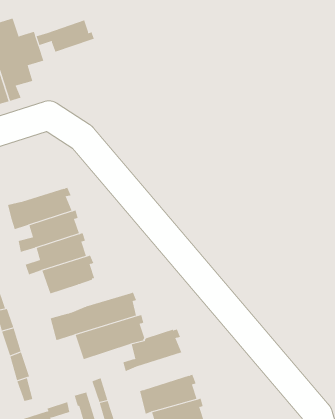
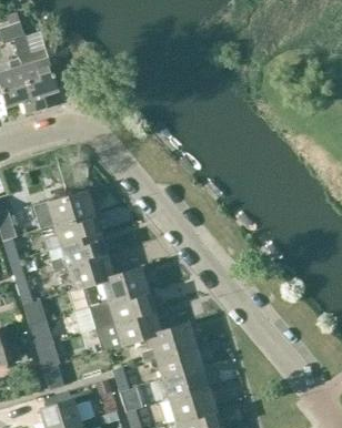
building: [36,19,95,53] -> none
building: none -> [91,266,148,306]
building: none -> [154,343,203,378]

